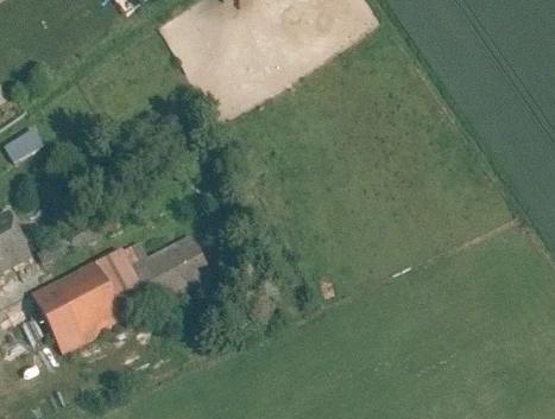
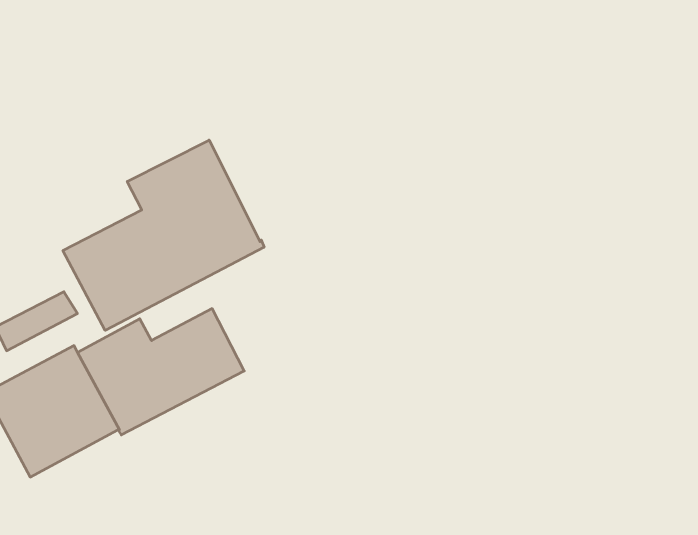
building: none -> [63,140,264,330]

